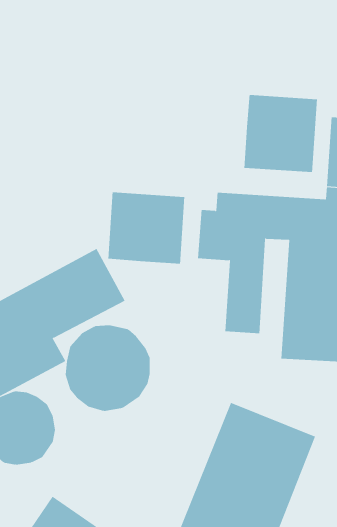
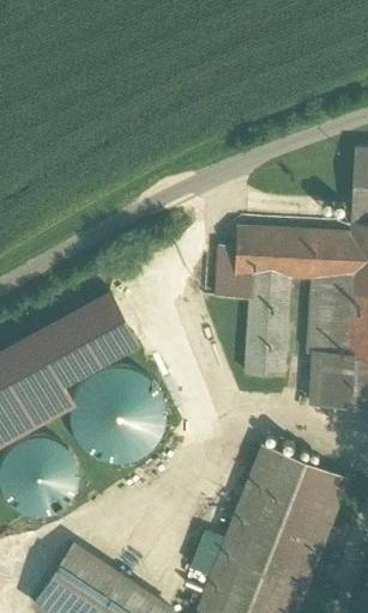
building: [244,94,318,173] -> none
building: [108,191,185,264] -> none

